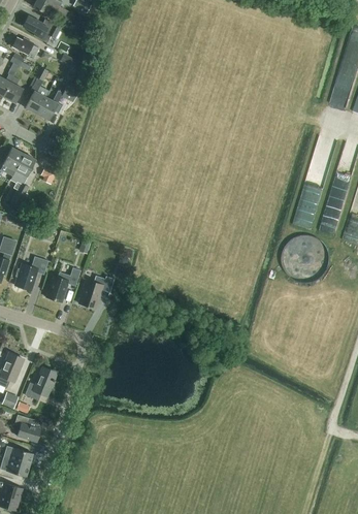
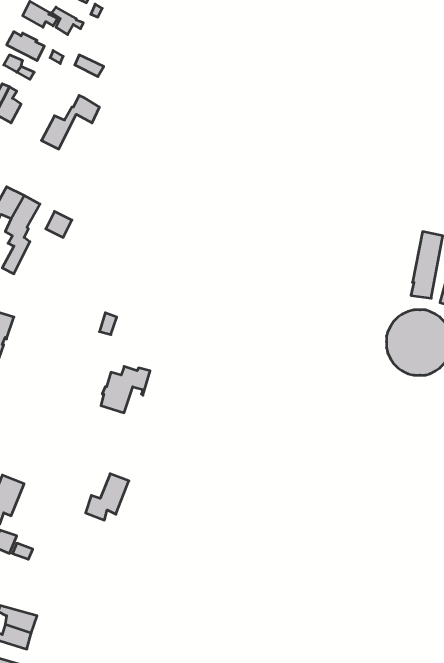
building: [25,66,47,115] -> none
building: [14,257,47,291] -> none
building: [45,267,80,302] -> none
building: [25,367,56,400] -> [86,474,129,520]
building: [13,415,40,442] -> none

